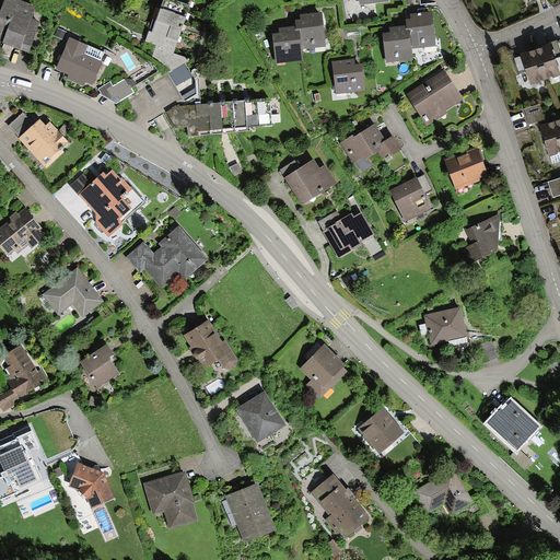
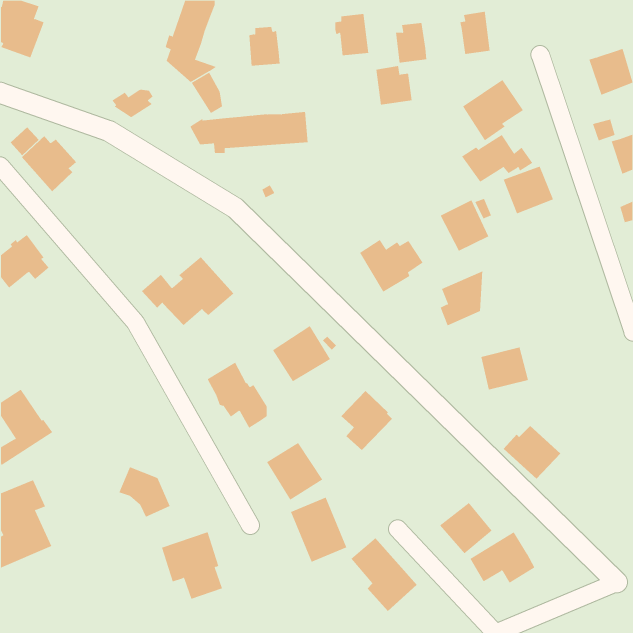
building: [383,25,411,61] -> [395,22,427,63]
building: [275,26,303,61] -> [248,27,281,66]
building: [55,37,105,86] -> none
building: [338,122,401,165] -> [461,134,533,183]
building: [283,160,336,205] -> none
building: [70,170,144,237] -> none
building: [463,214,501,264] -> [440,270,483,326]
building: [42,268,103,316] -> none
building: none -> [272,325,331,382]
building: [79,342,118,387] -> none
building: [488,401,539,450] -> [503,425,561,480]
building: [355,407,402,453] -> [439,502,493,554]
building: [67,463,113,508] -> [118,467,170,517]
building: [224,482,275,540] -> [290,497,347,562]

